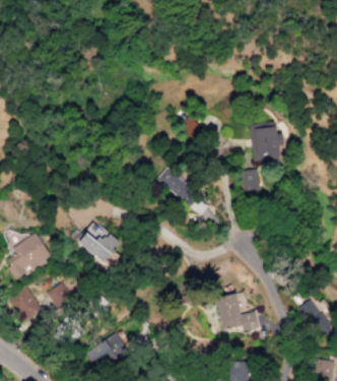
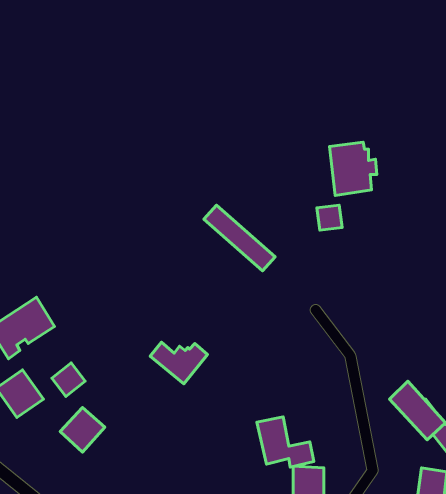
building: [80,234,122,264] -> [150,342,208,384]
building: [218,295,260,331] -> [257,417,314,467]
building: [90,335,133,371] -> none

